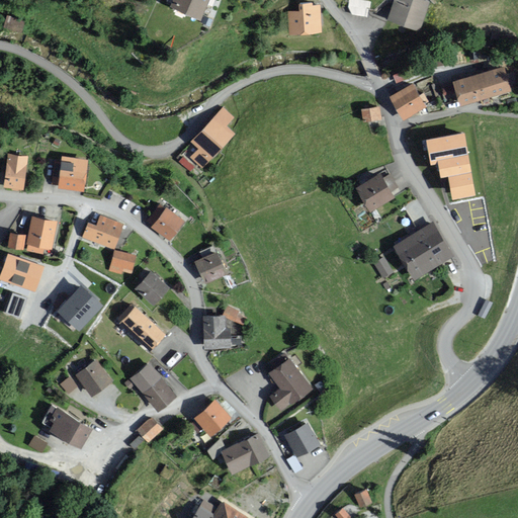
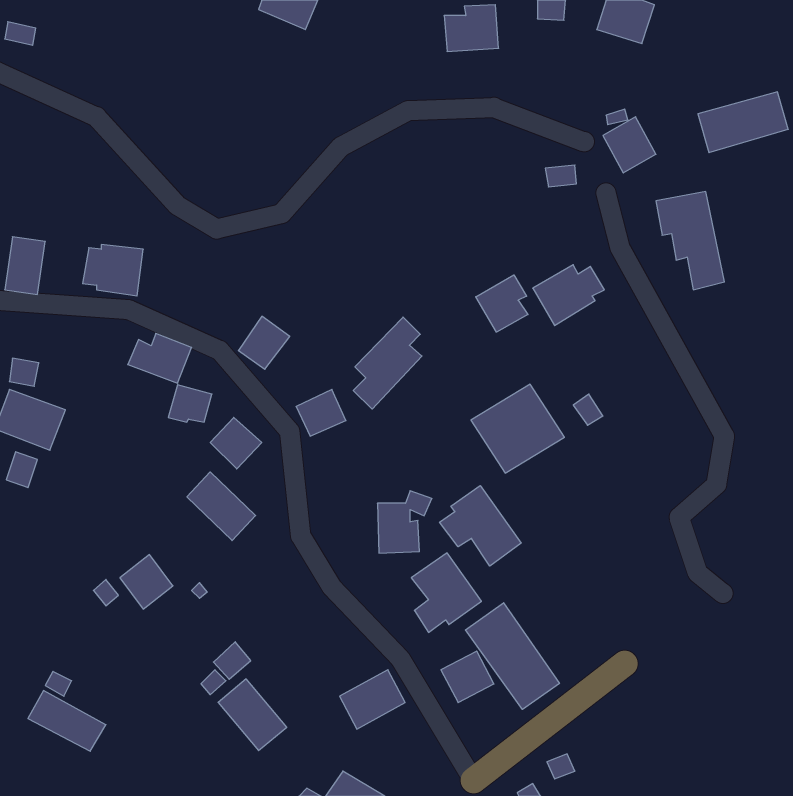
building: [189,108,234,168] -> [353,317,422,409]
building: none -> [476,275,528,332]
building: [25,215,57,250] -> none
building: [385,221,446,278] -> [471,384,564,473]
building: [55,286,101,332] -> none
building: [202,308,238,348] -> [377,491,432,553]
building: none -> [440,486,521,566]
building: [133,363,177,410] -> [218,679,287,751]
building: none -> [465,603,559,709]
building: [195,400,232,436] -> none
building: [44,405,94,444] -> [28,691,106,751]

